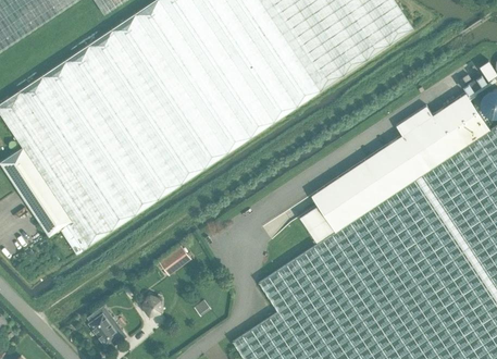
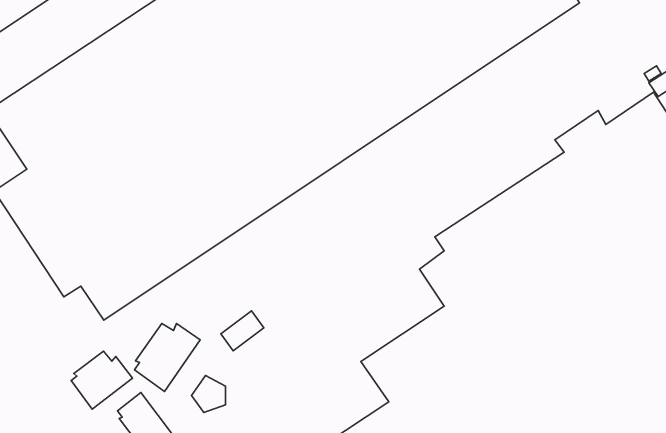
building: none -> [135,323,200,391]
building: none -> [71,351,133,409]

